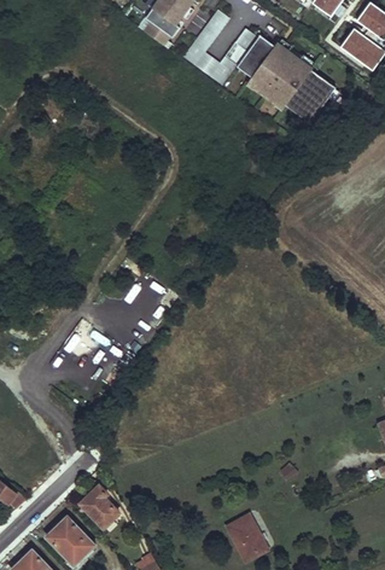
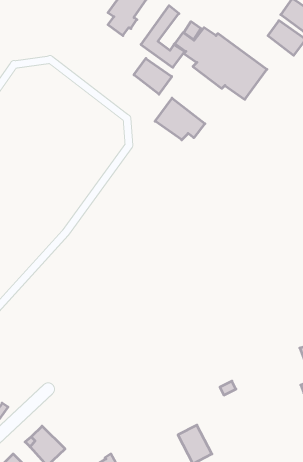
building: none -> [134,58,172,94]
building: none -> [155,98,205,140]
building: [78,487,116,528] -> none

